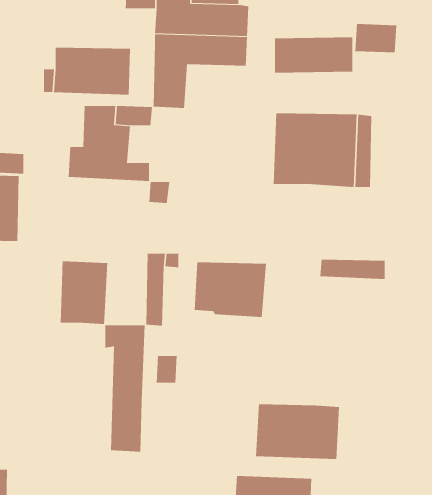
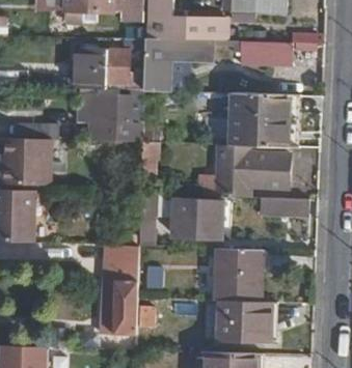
building: none -> [221,145,292,197]
building: [60,261,108,325] -> none
building: none -> [217,248,270,302]

